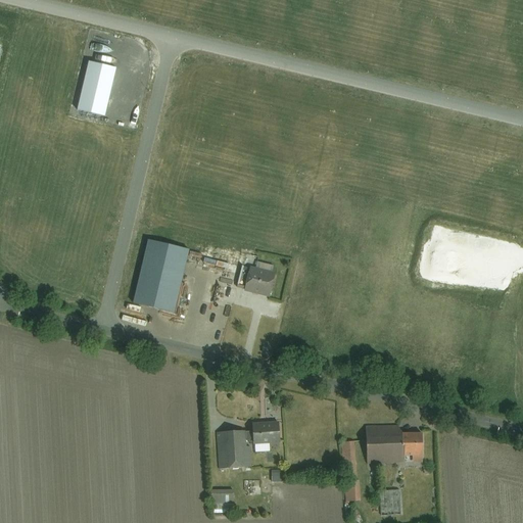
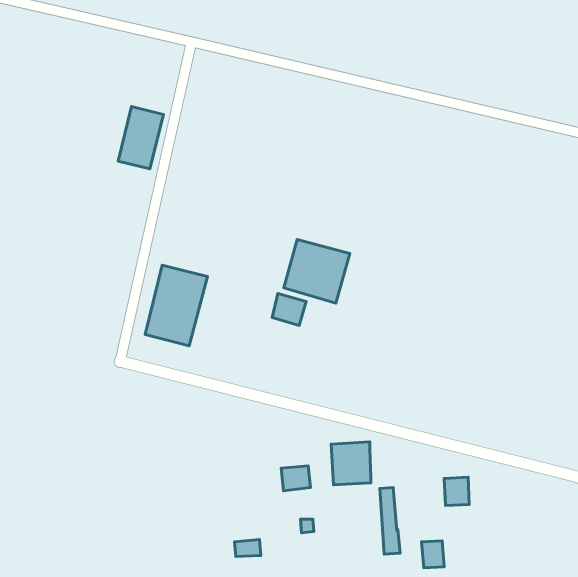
building: [76,61,116,117] -> [118,107,163,169]
building: none -> [284,240,350,303]
building: [366,424,401,463] -> [331,442,371,485]
building: [217,428,251,464] -> none

